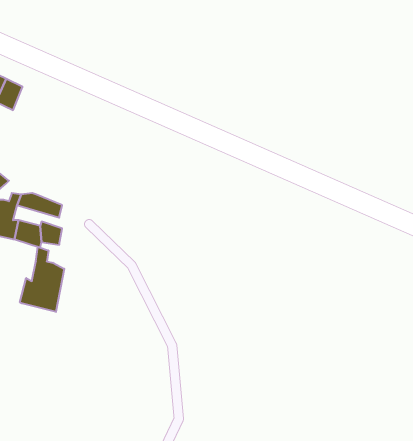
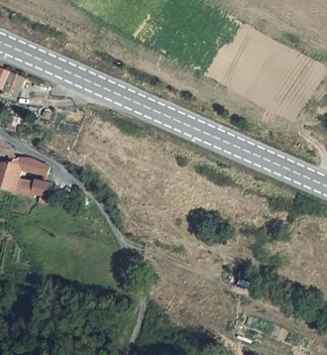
building: [20,247,64,312] -> none

